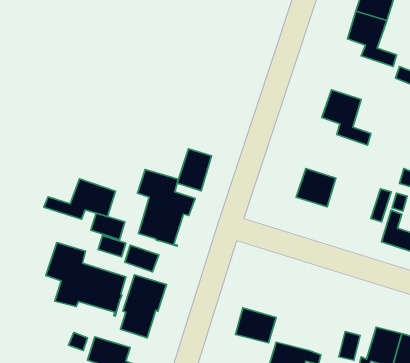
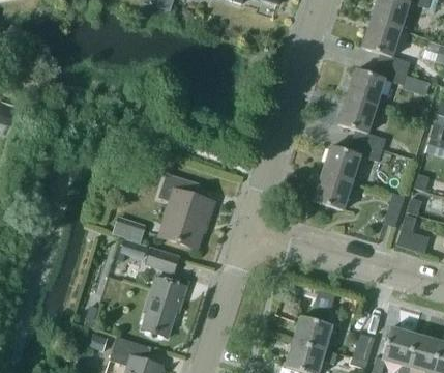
building: none -> [347,63,407,106]
building: none -> [322,140,382,182]
building: [177,149,212,191] -> none
building: [44,179,116,219] -> none
building: [46,243,126,316] -> none
building: [236,308,276,343] -> [293,316,332,350]

